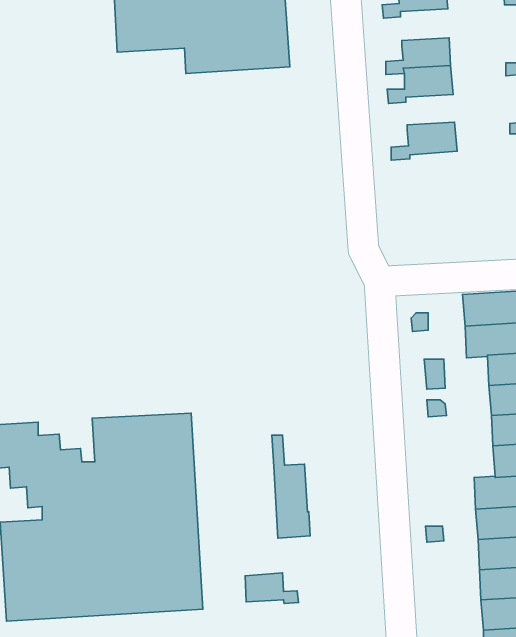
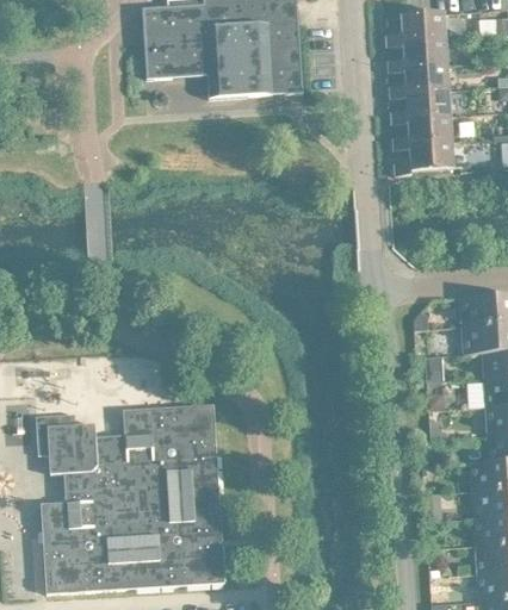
building: none -> [388,38,447,71]
building: none -> [392,116,452,149]
building: [272,435,310,538] -> none
building: [245,573,299,603] -> none

